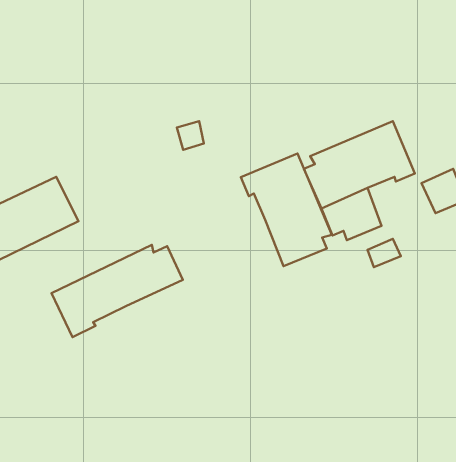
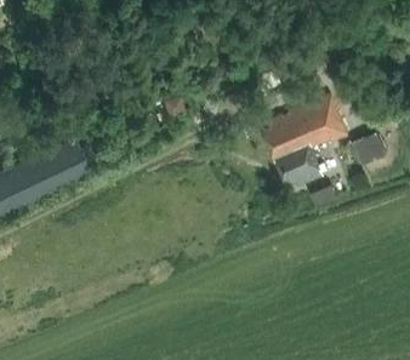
building: [241,153,332,266] -> none
building: [51,245,183,337] -> none

